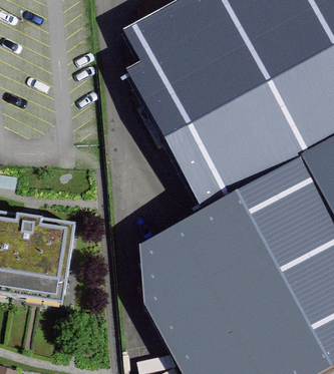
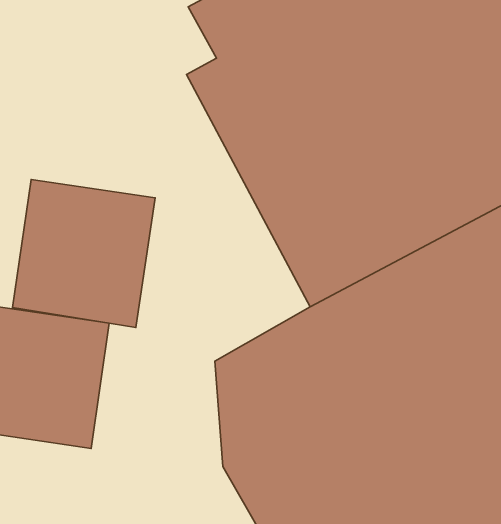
building: none -> [13,179,155,328]

